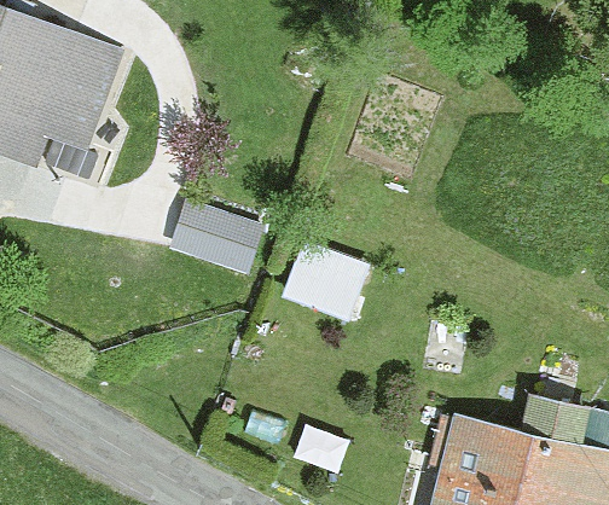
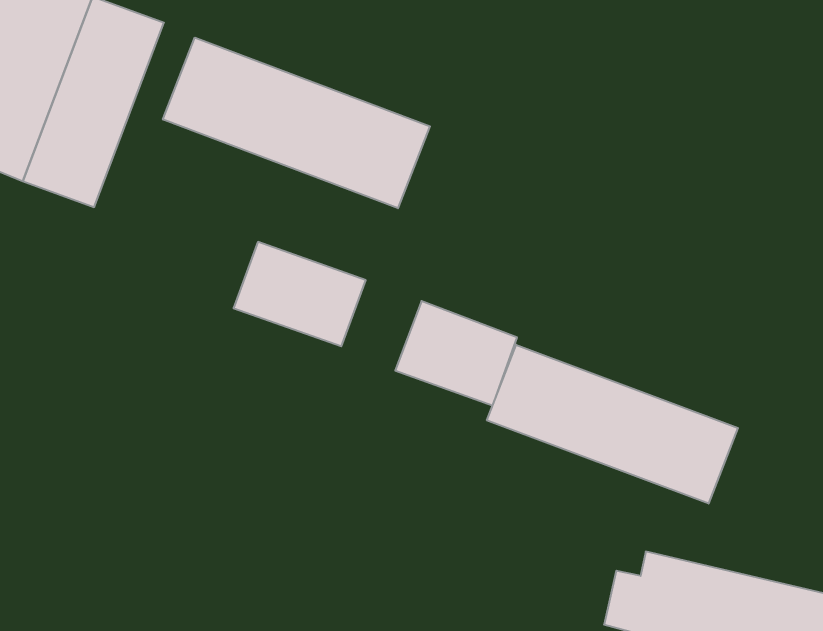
building: none -> [163,38,430,208]
building: none -> [487,345,738,504]

